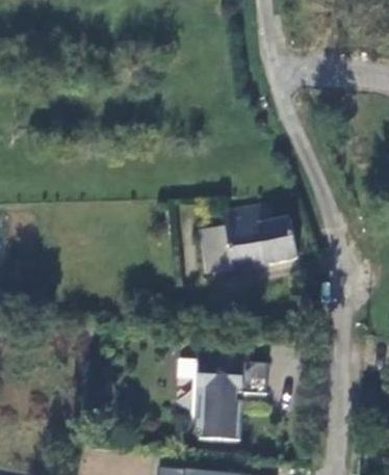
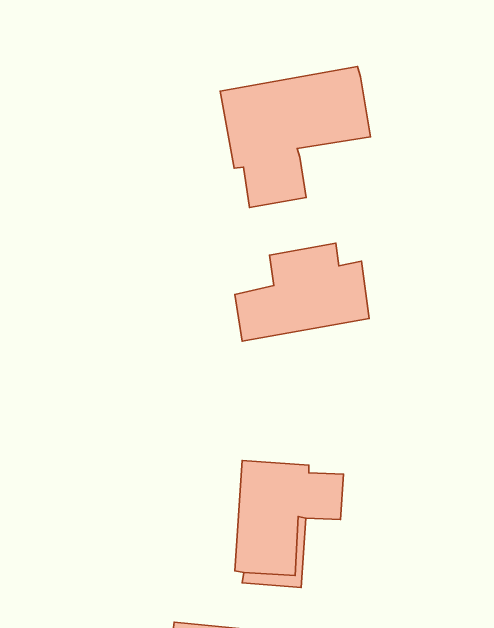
building: none -> [220,67,371,208]

